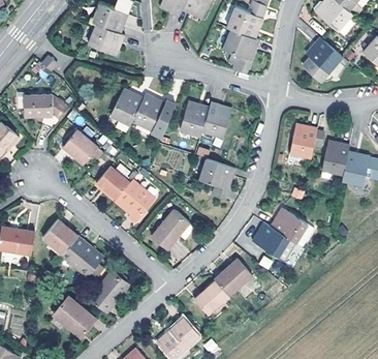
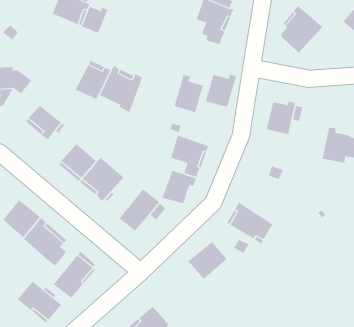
building: none -> [81,6,108,34]
building: [180,104,210,136] -> [205,74,237,107]
building: [322,144,349,174] -> none
building: none -> [162,170,197,204]
building: [270,208,315,242] -> none
building: [194,279,230,315] -> none

